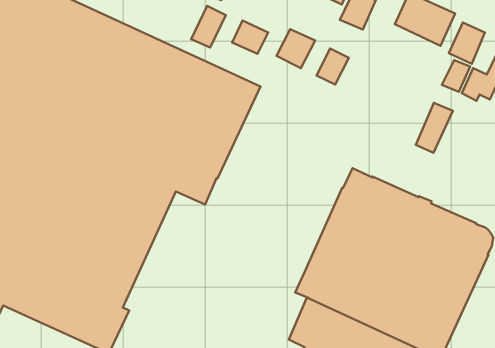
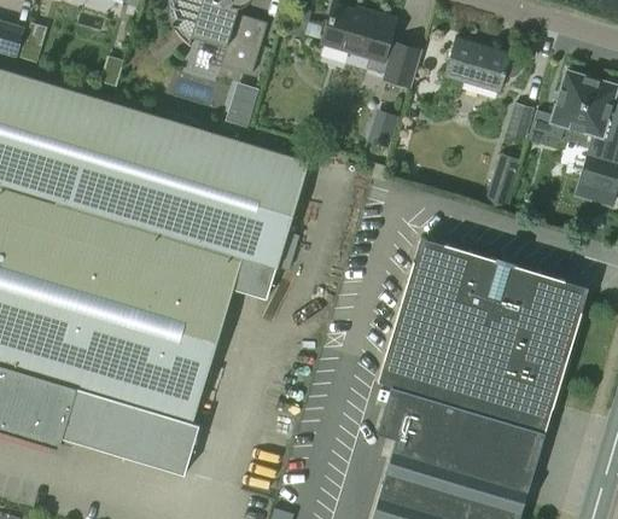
building: [232,20,268,54] -> none
building: [449,22,485,64] -> none
building: [277,29,315,68] -> none

